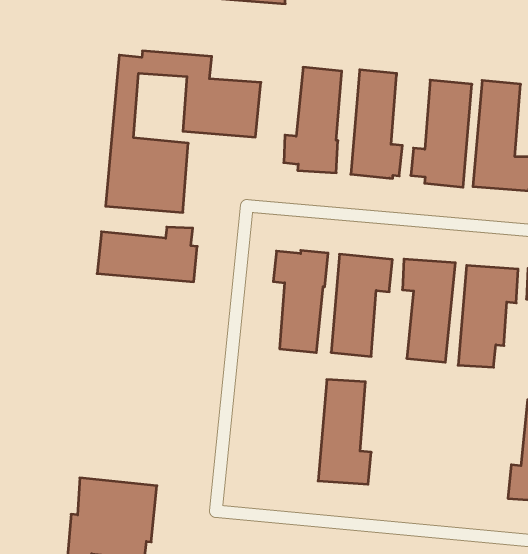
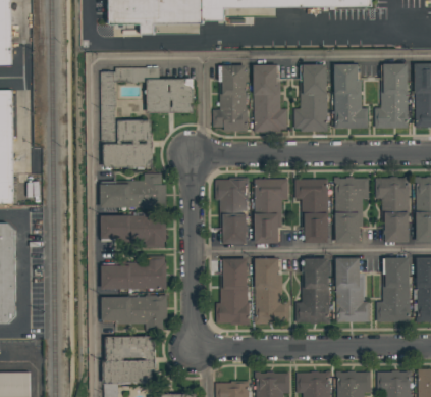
building: none -> [102,214,167,248]
building: none -> [105,260,168,290]
building: none -> [215,259,249,322]
building: none -> [297,259,328,324]
building: none -> [335,258,368,322]
building: none -> [104,296,166,328]

